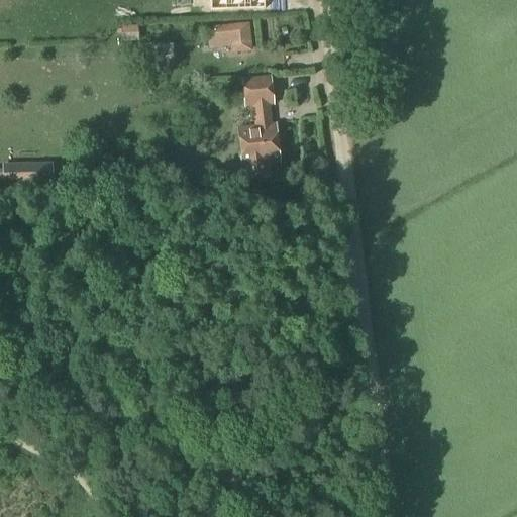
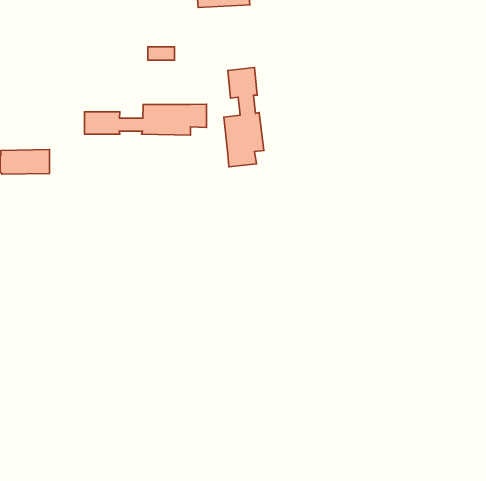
building: [228,20,253,50] -> none
building: none -> [84,104,206,135]

